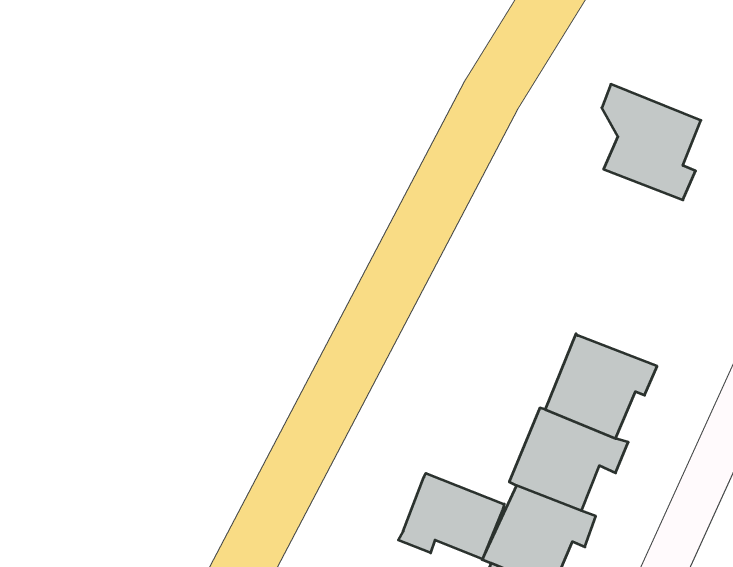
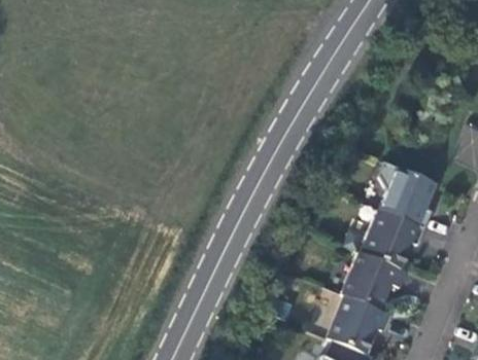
building: [602,84,701,200] -> [378,161,435,227]
building: [398,473,504,559] -> none

